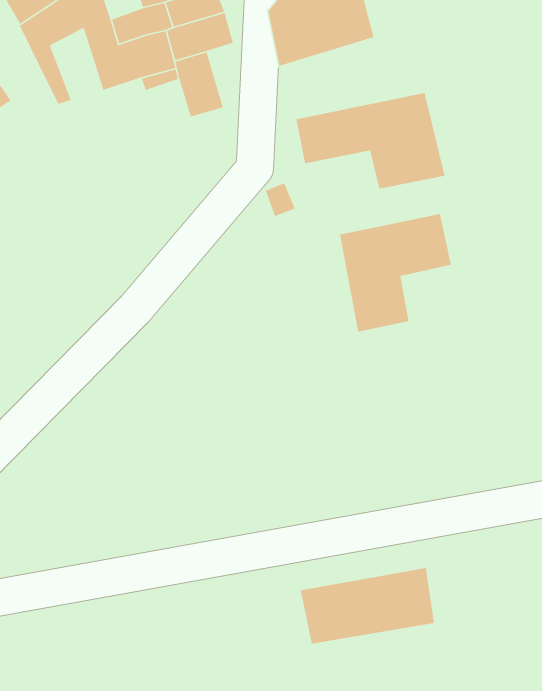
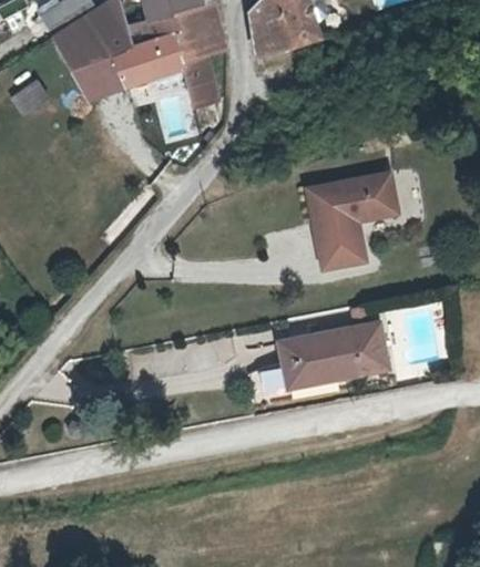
building: none -> [79,30,120,86]
building: [296,92,445,190] -> none
building: [300,567,435,645] -> [277,324,384,385]

